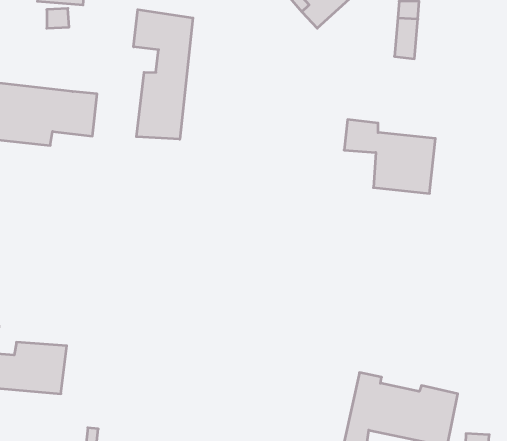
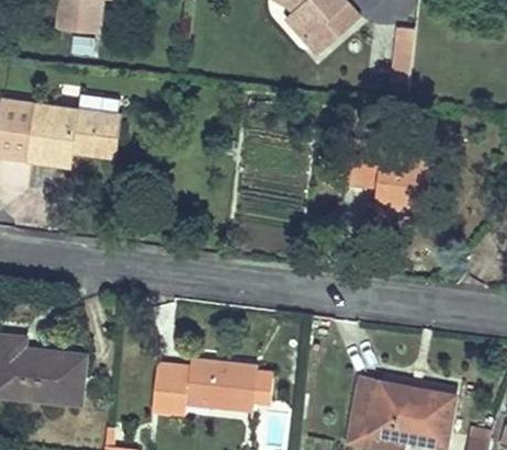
building: [134,10,193,139] -> none
building: none -> [150,359,278,410]

